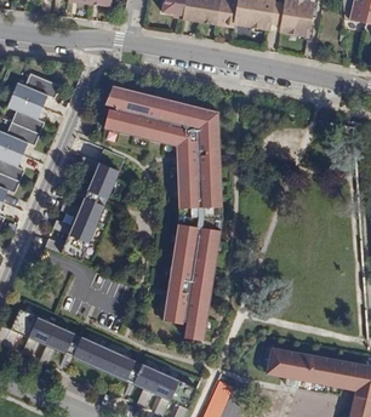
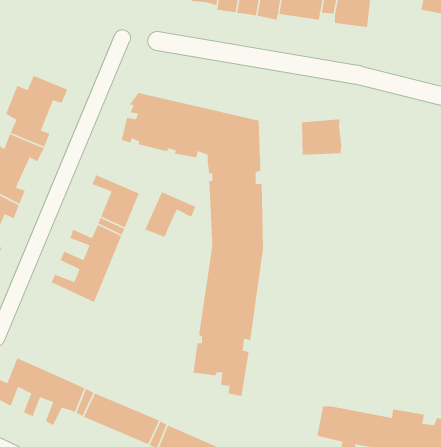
building: none -> [301,119,342,156]
building: none -> [144,191,197,238]

